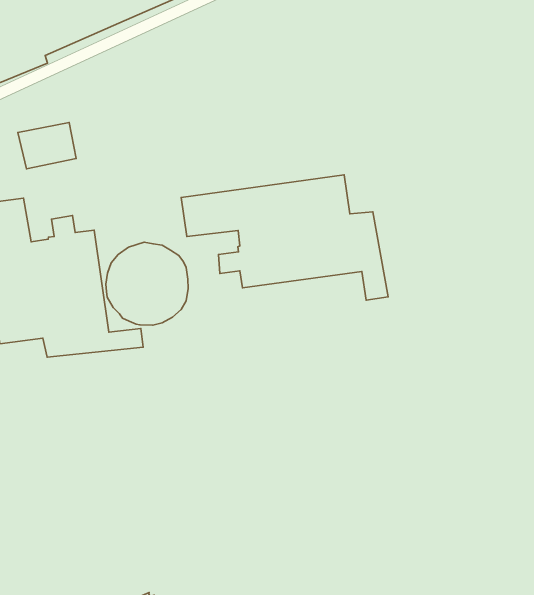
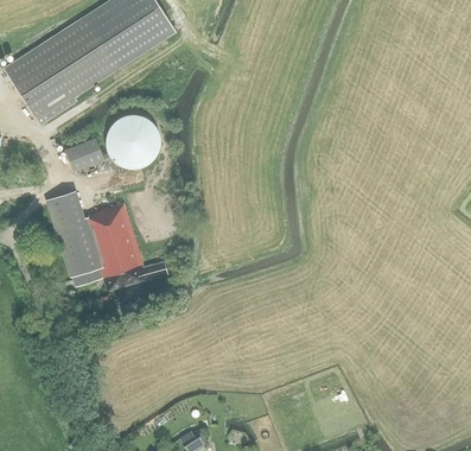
building: [181,175,388,300] -> none
building: [106,242,188,325] -> [106,114,159,167]

